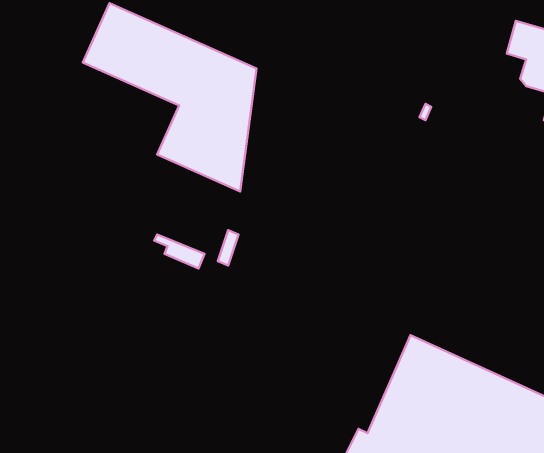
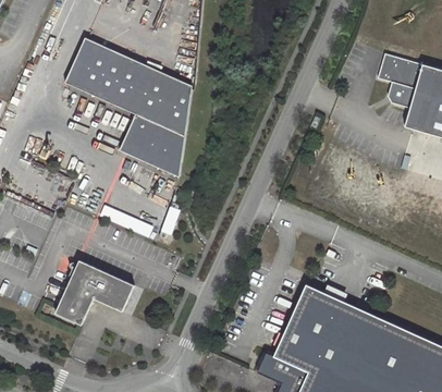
building: none -> [56,261,135,327]

